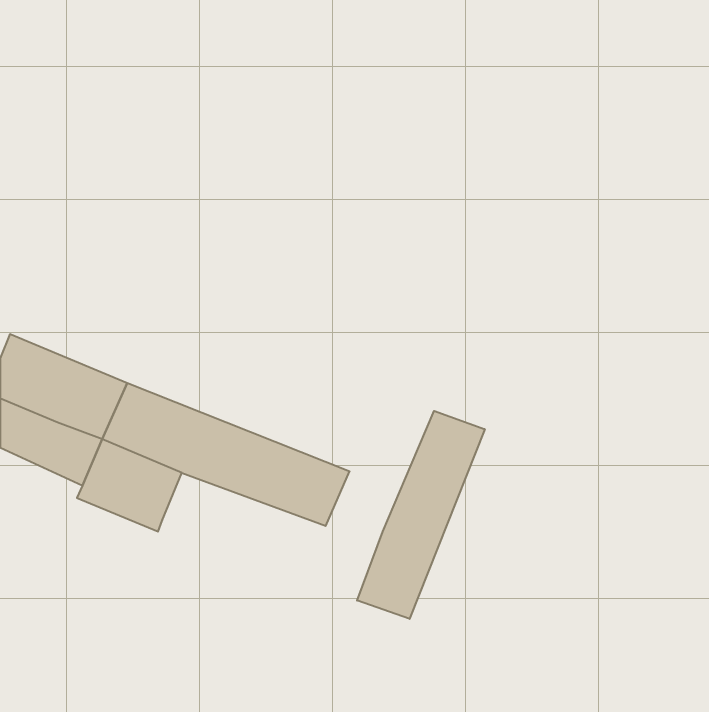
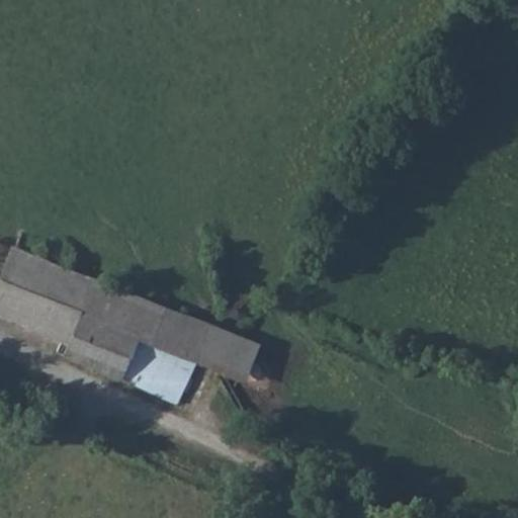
building: [357,411,485,619] -> none
building: none -> [121,344,193,403]

